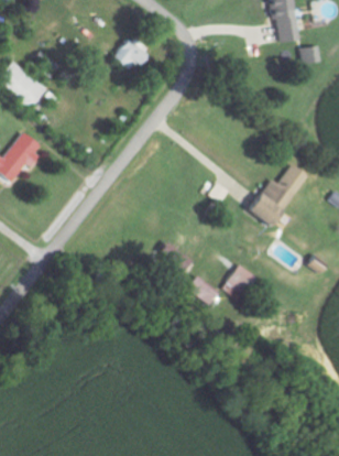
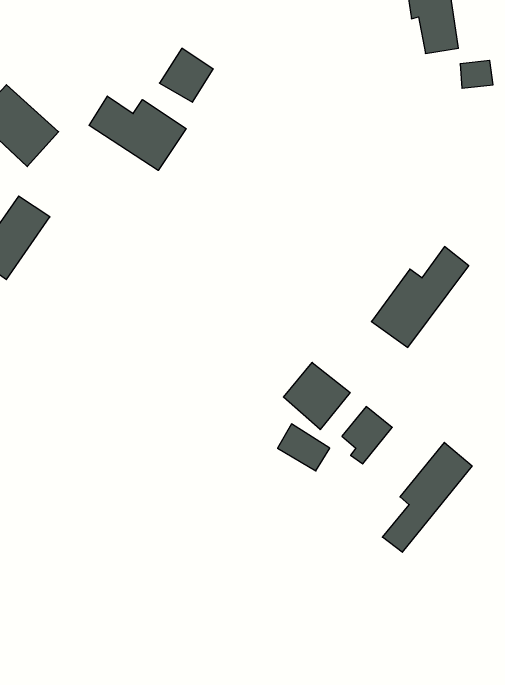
building: none -> [89,96,186,170]
building: none -> [283,362,350,430]
building: none -> [382,442,472,552]

